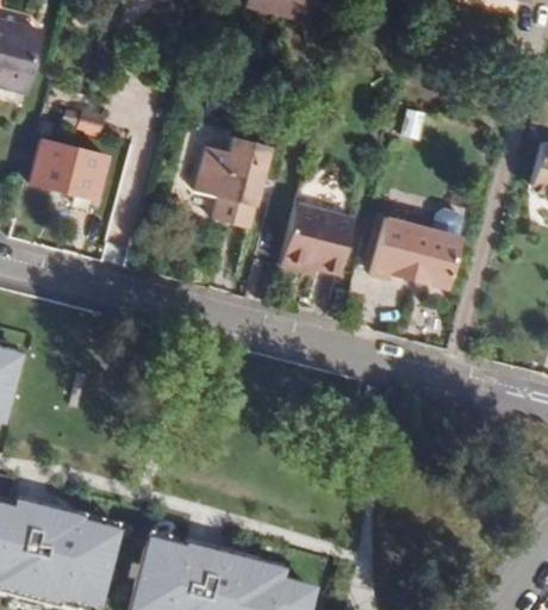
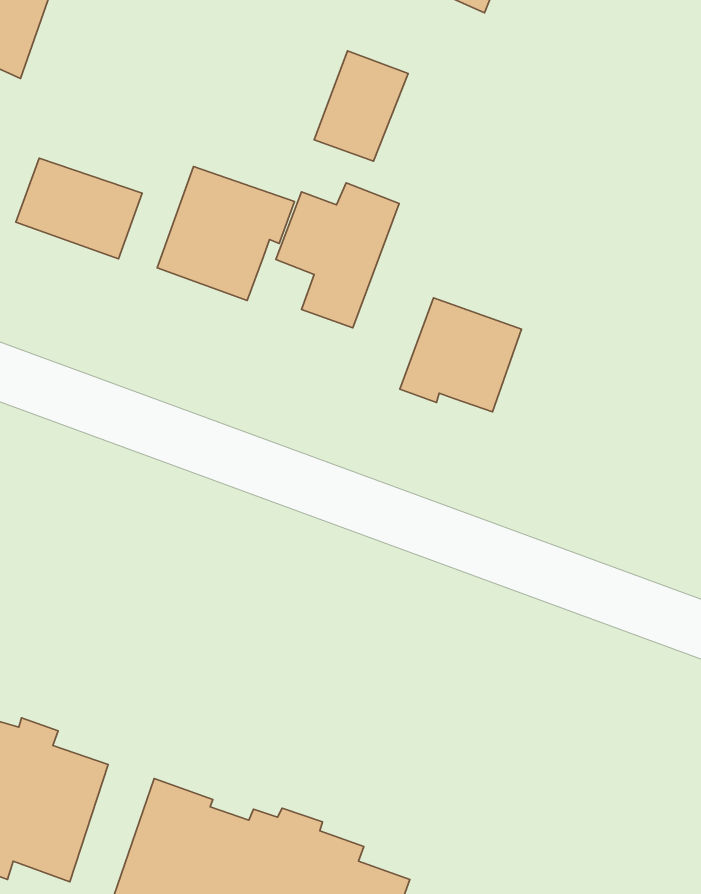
building: none -> [314,51,408,161]
building: none -> [157,166,294,300]
building: [368,213,460,291] -> none

